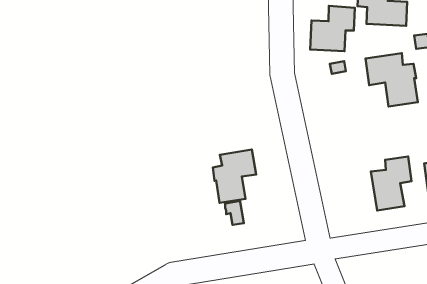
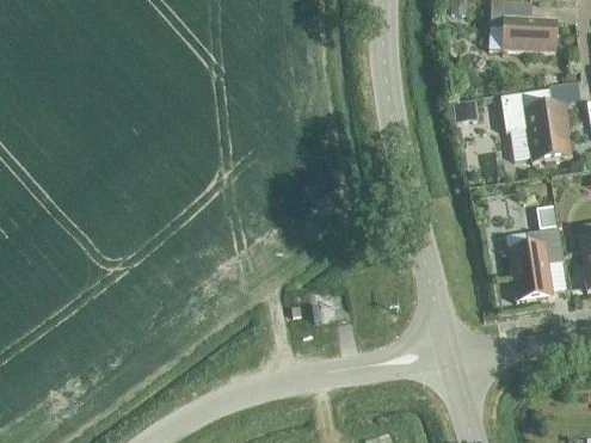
building: [310,6,355,51] -> none
building: [213,150,256,203] -> none

